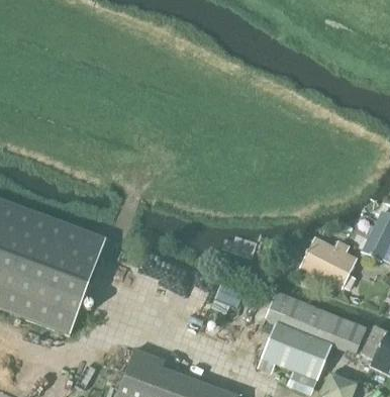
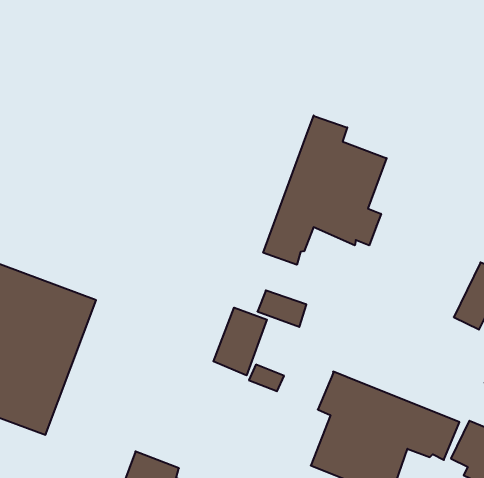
building: none -> [263,115,387,265]
building: [302,238,356,285] -> none
building: none -> [213,308,267,375]

